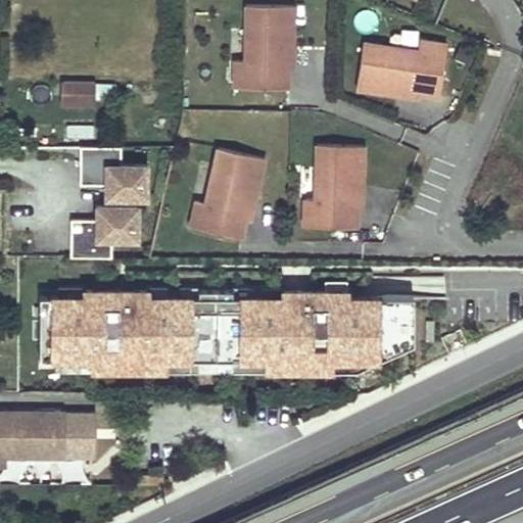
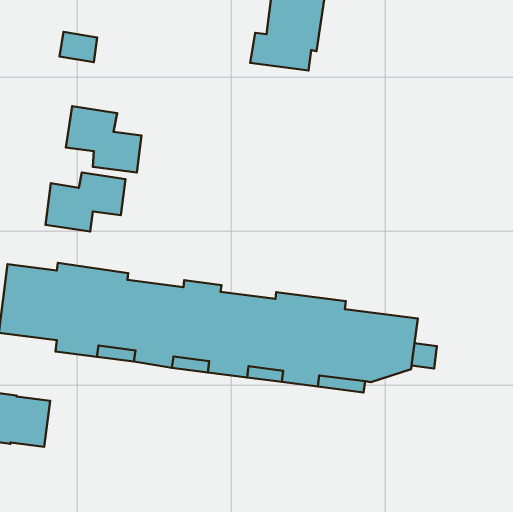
building: [356,44,447,101] -> none
building: [304,145,365,229] -> none
building: [188,151,265,242] -> none

